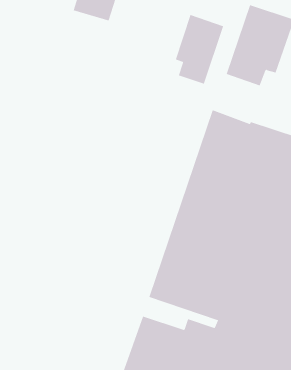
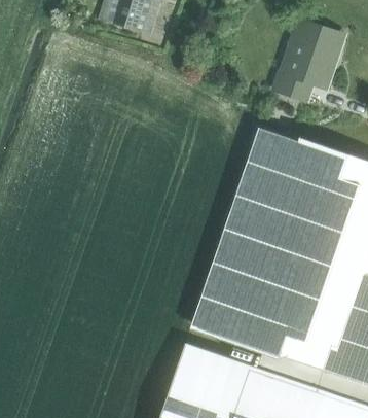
building: [175,14,224,85] -> none

